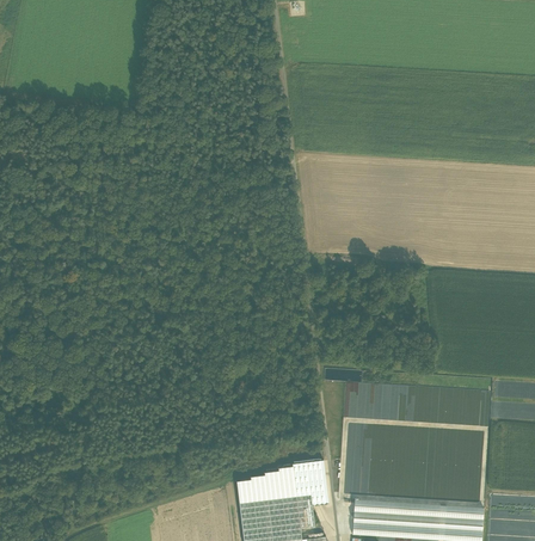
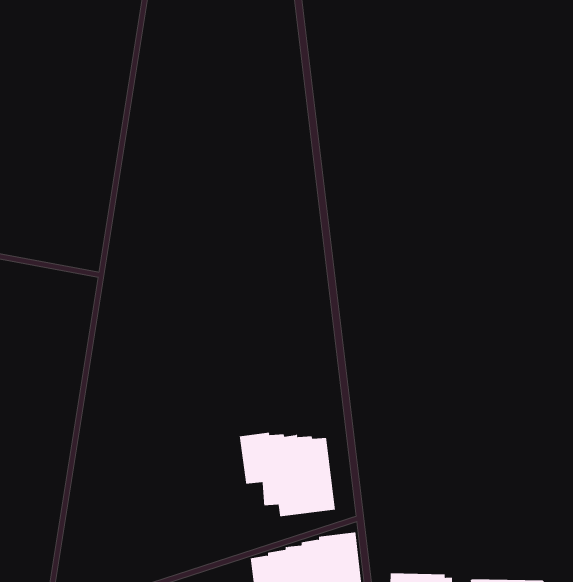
building: none -> [239,432,336,517]

